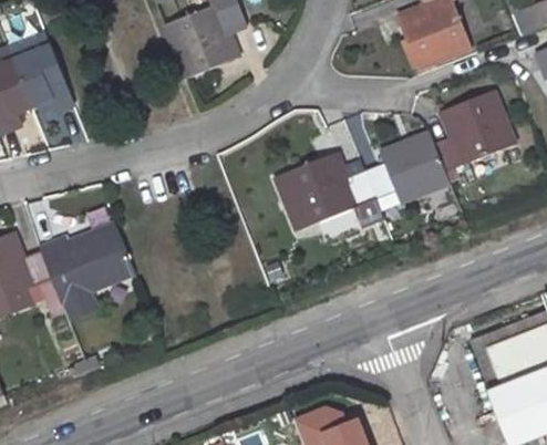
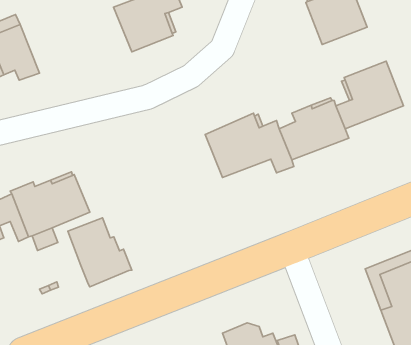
building: none -> [68,218,132,287]

